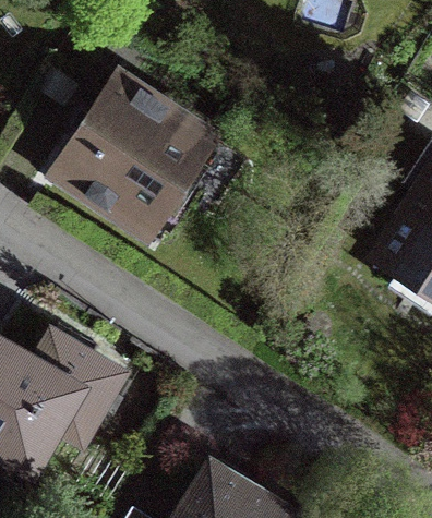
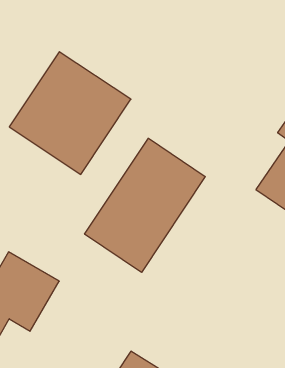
building: none -> [85,138,205,272]

